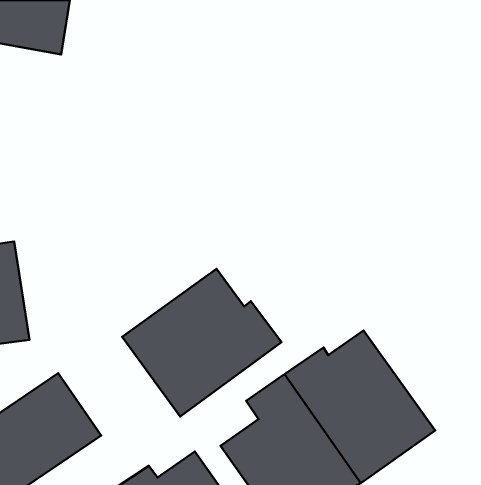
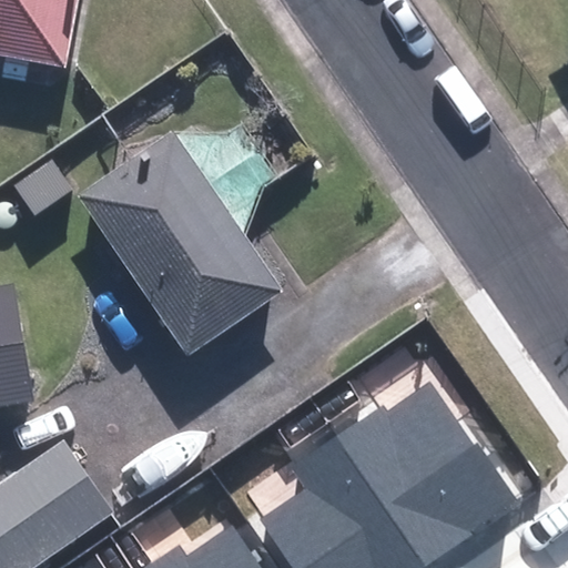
building: none -> [81,135,281,351]
building: [122,269,282,417] -> none

